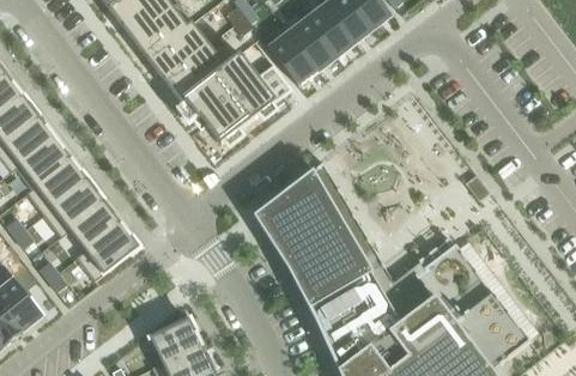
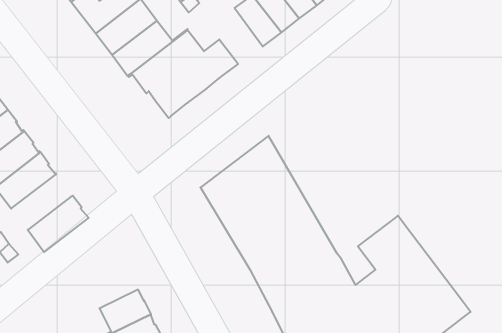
building: [267,31,316,85] -> none
building: [60,201,122,257] -> none

